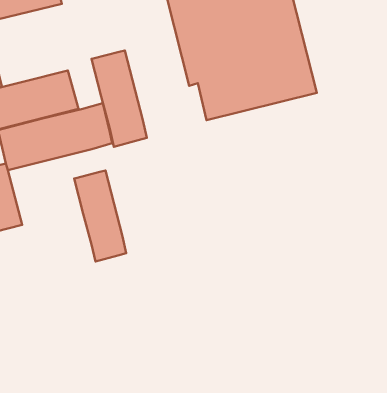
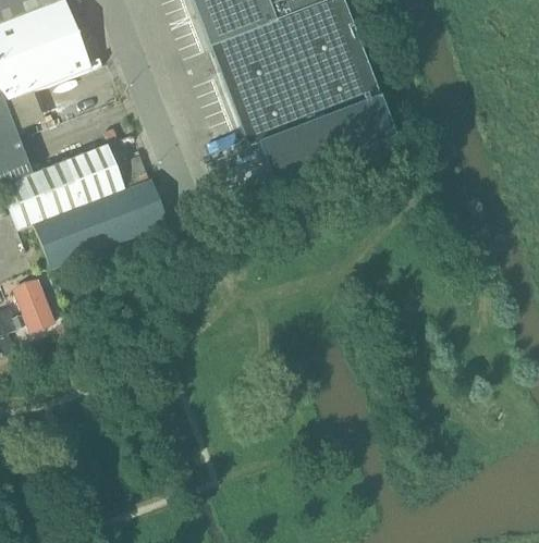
building: [92,50,147,147] -> none
building: [74,171,126,262] -> none

